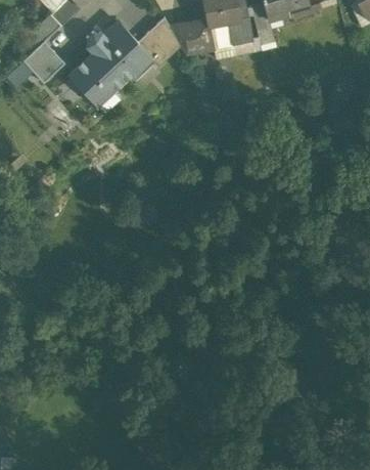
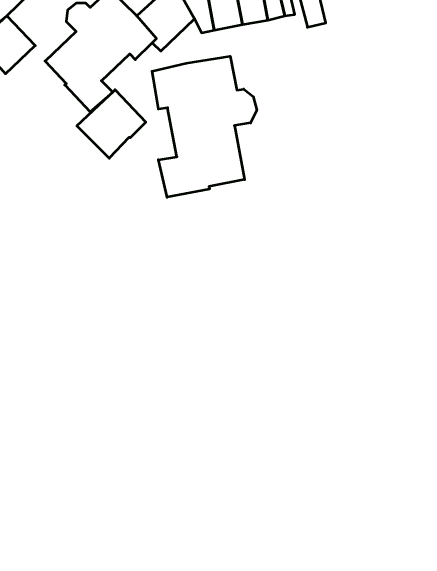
building: none -> [152,56,257,197]
building: none -> [77,90,146,158]

